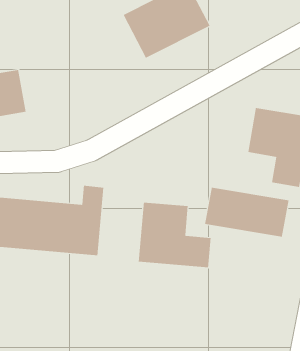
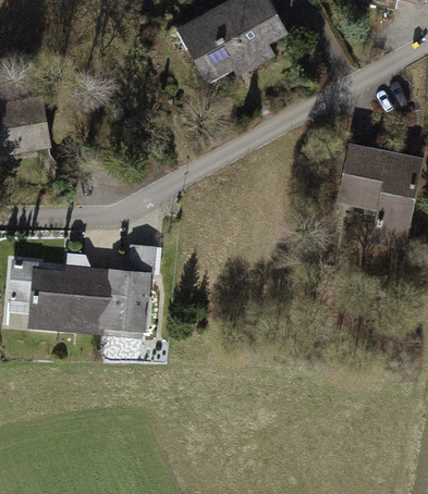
building: [205,187,289,237] -> none
building: [138,202,211,268] -> none

